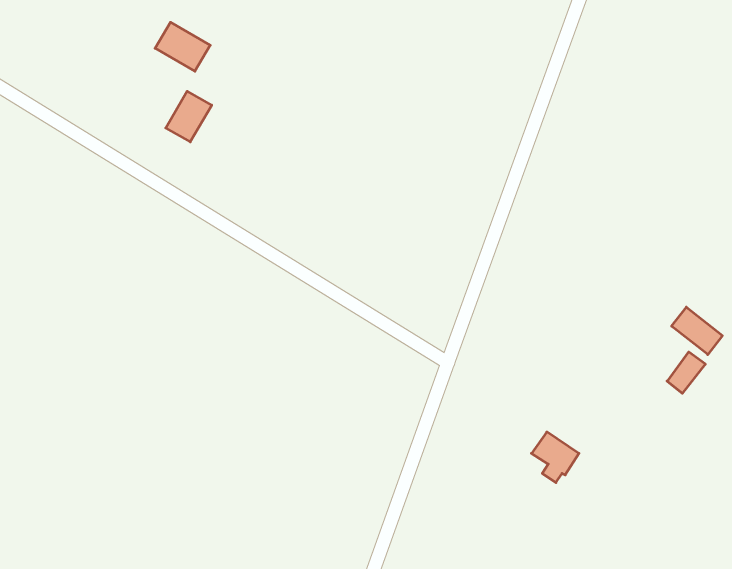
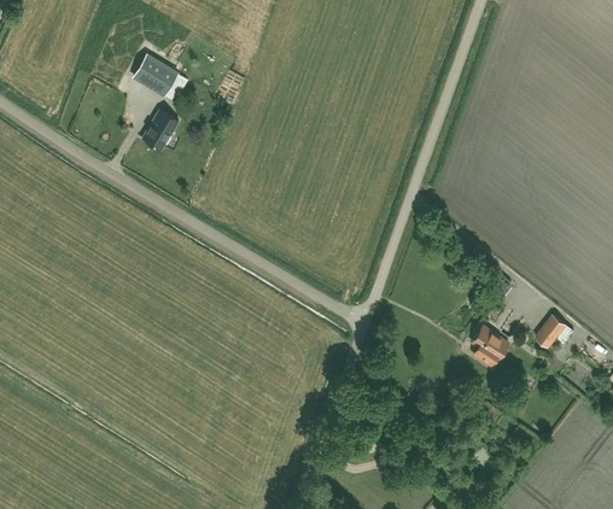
building: [672,307,722,355] -> none
building: [531,432,579,483] -> [472,327,509,367]

